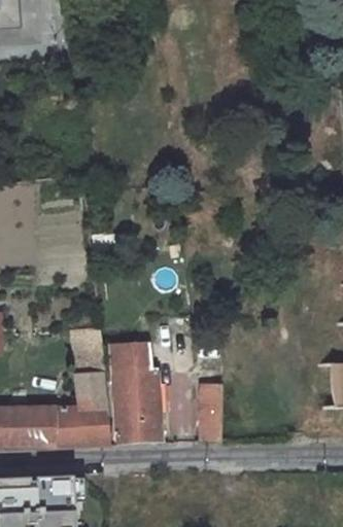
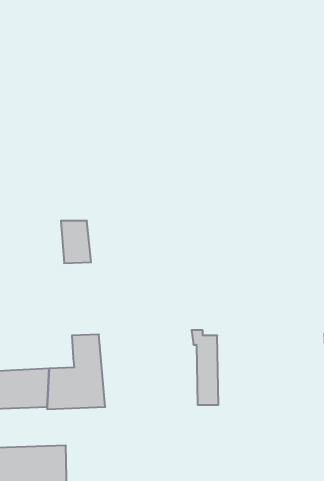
building: [72,329,102,372] -> [61,221,91,263]
building: [106,340,161,442] -> none

